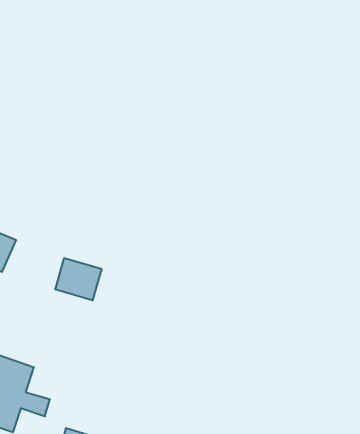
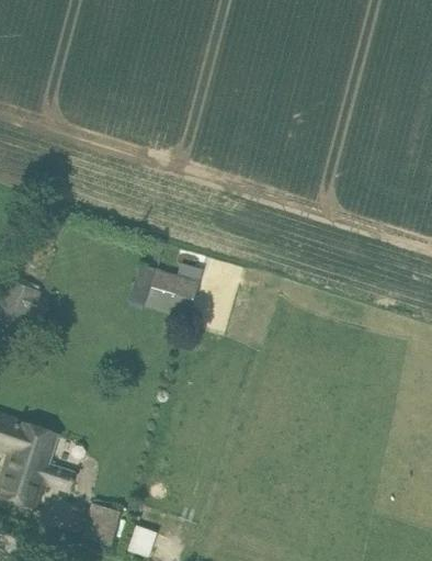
building: [55,258,102,300] -> [146,268,197,314]

